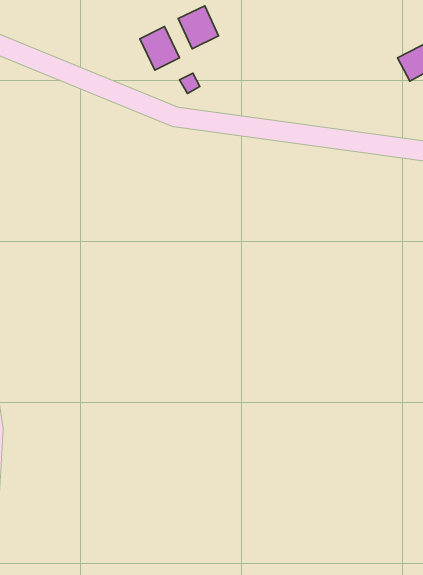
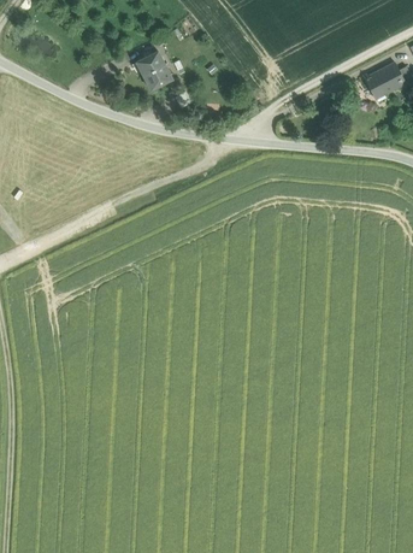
building: [178,6,219,49] -> none

